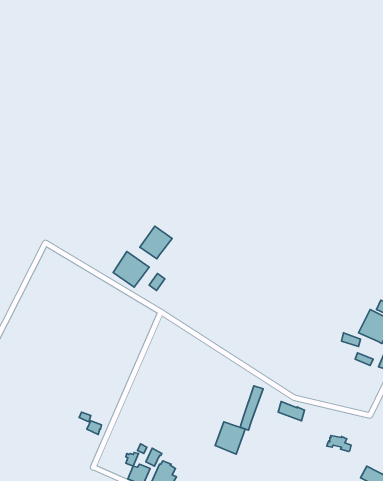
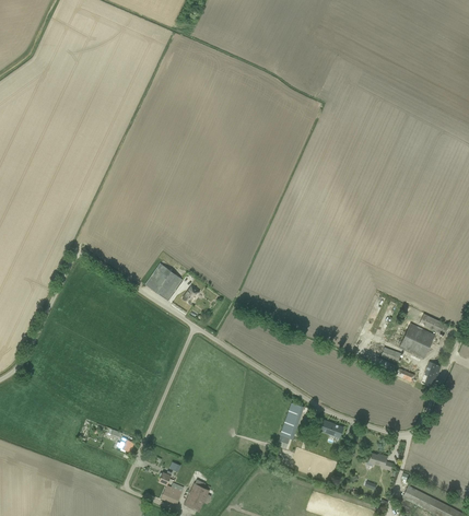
building: [140,226,172,259] -> none
building: [215,422,245,454] -> none

